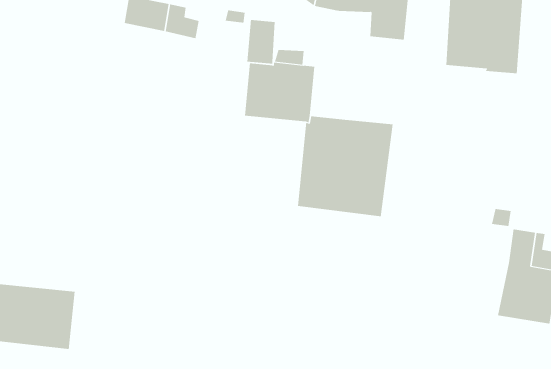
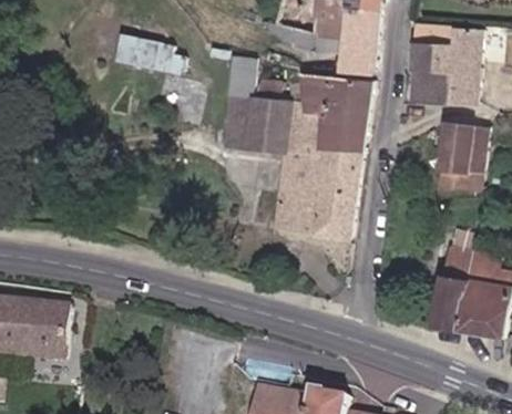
building: none -> [300,74,372,153]
building: none -> [439,123,487,190]
building: none -> [433,248,472,329]

